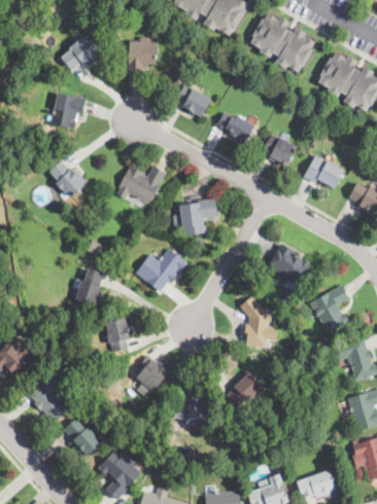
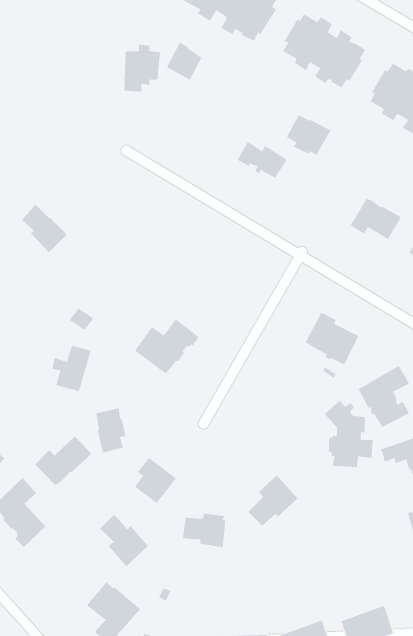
building: [61,35,99,71] -> none
building: [182,87,210,117] -> [166,42,202,80]
building: [50,93,85,129] -> none
building: [262,134,297,166] -> [286,115,331,156]
building: [116,165,165,203] -> none
building: [173,199,217,236] -> none
building: [239,295,277,348] -> [324,399,374,467]
building: none -> [34,435,92,486]
building: [64,418,102,459] -> [100,514,149,567]

